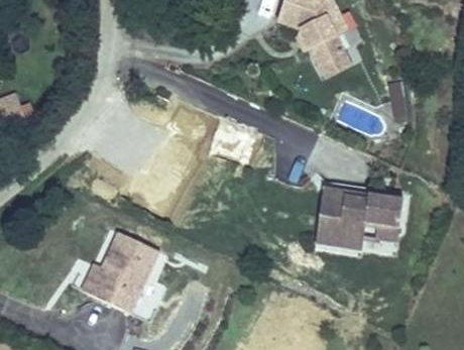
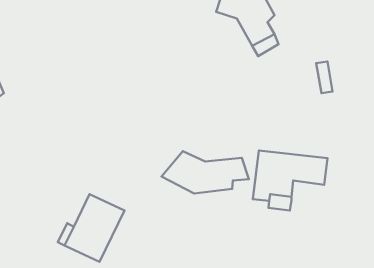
building: none -> [161,151,249,193]
building: [358,217,396,245] -> none

